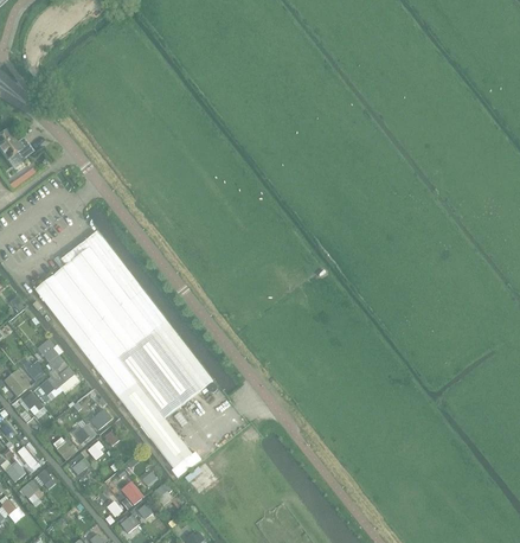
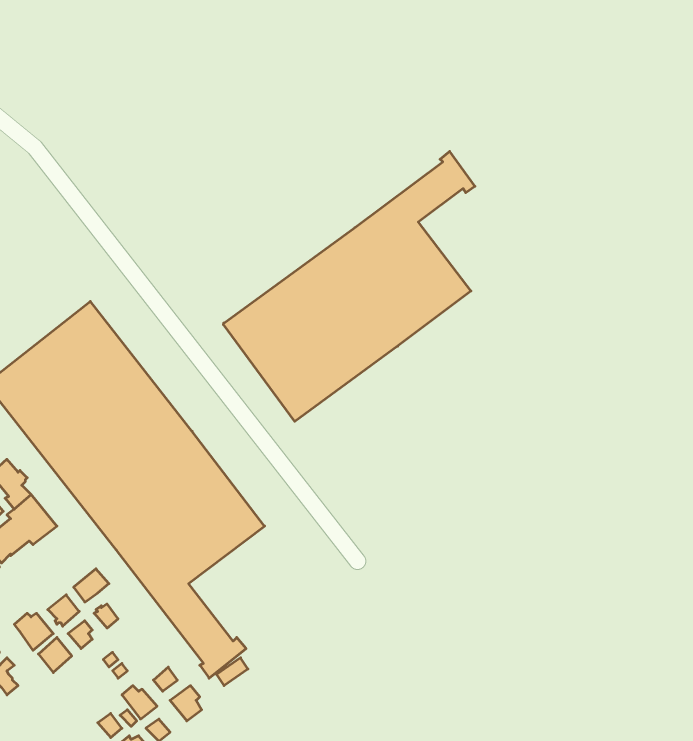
building: none -> [223,151,475,421]

